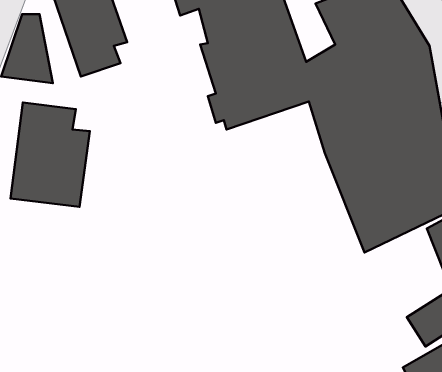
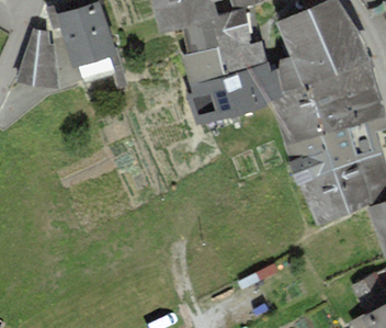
building: [11,103,90,207] -> none

